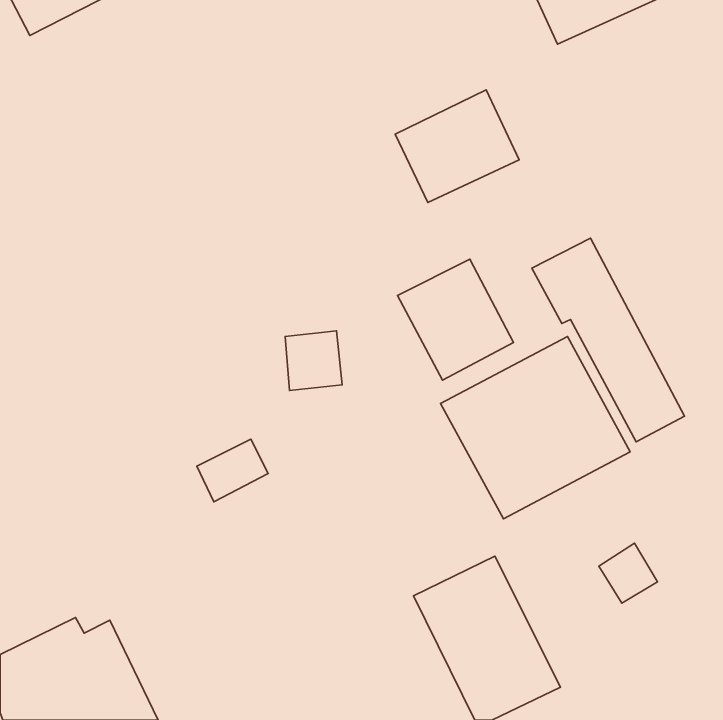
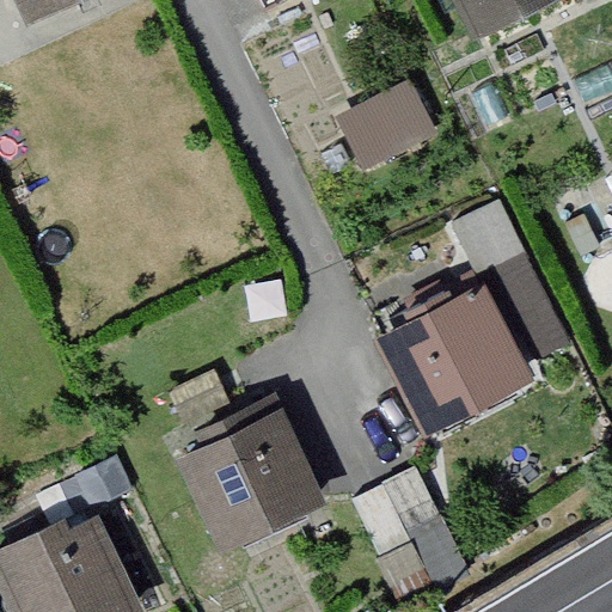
building: [398,259,513,380] -> none
building: none -> [170,402,324,558]

